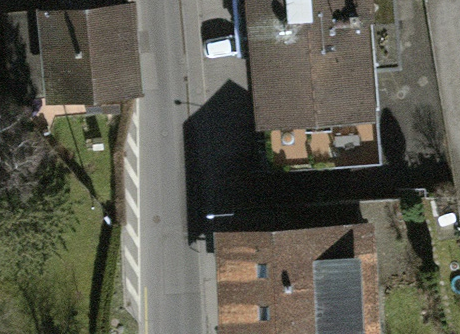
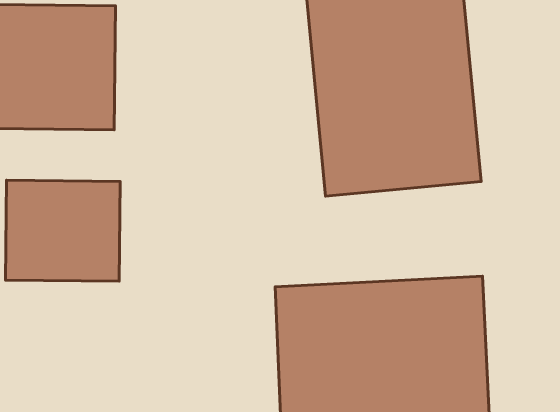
building: none -> [5,180,120,281]

